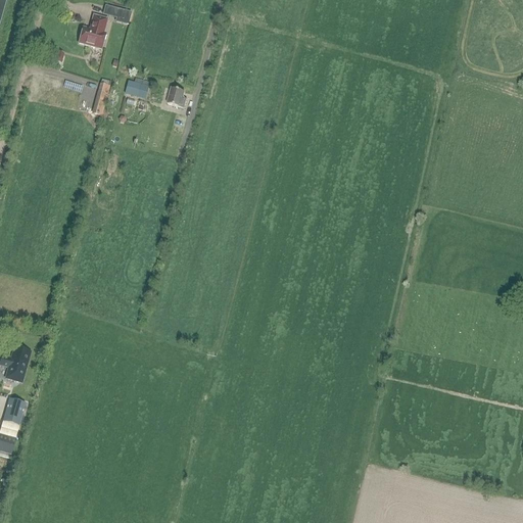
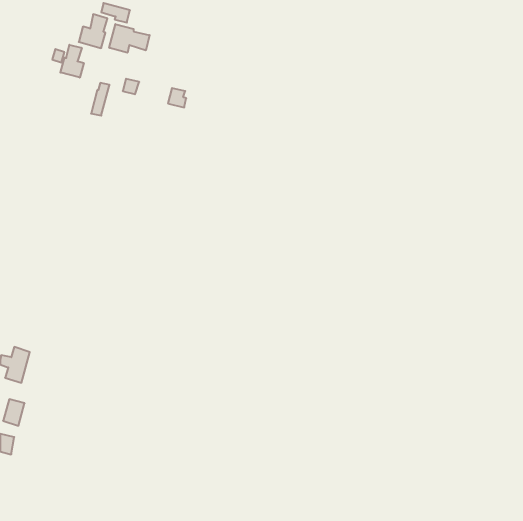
building: none -> [109,24,150,53]
building: none -> [60,45,84,78]

